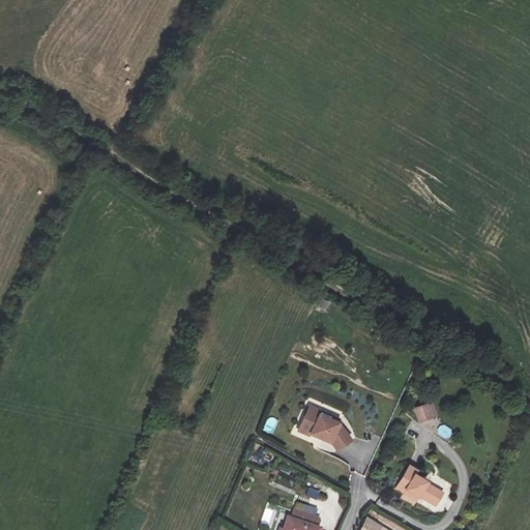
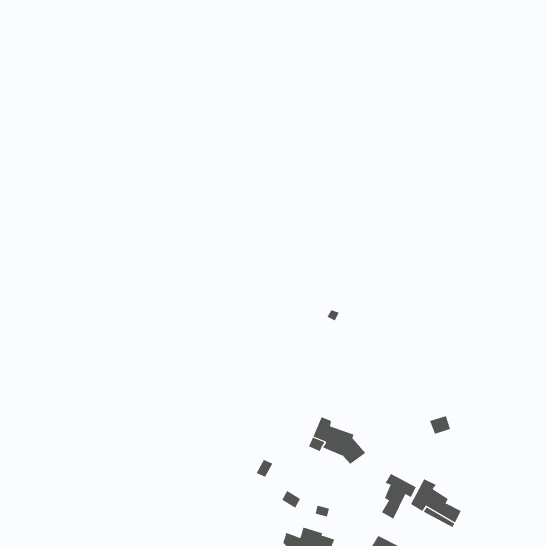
building: none -> [381,473,416,520]

